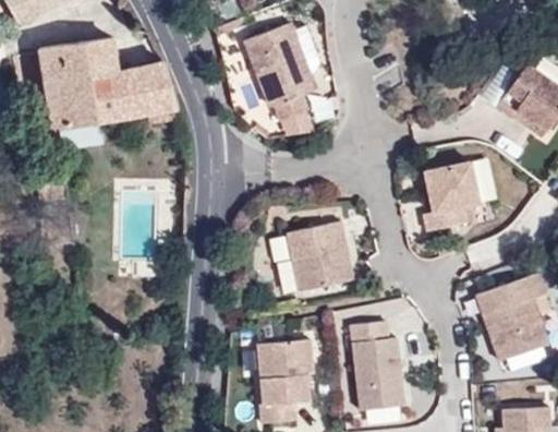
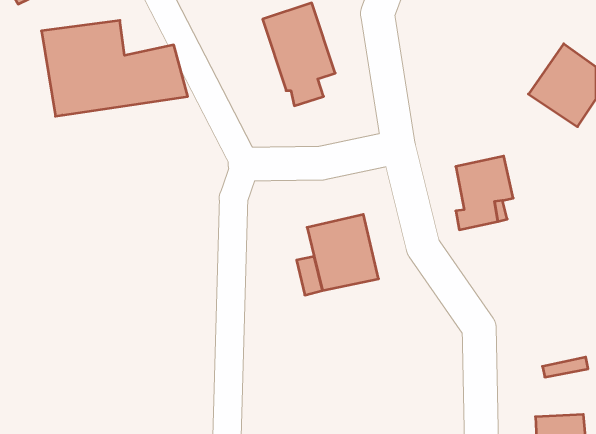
building: [473,273,550,362] -> none
building: [354,324,404,407] -> none
building: [258,336,313,420] -> none

